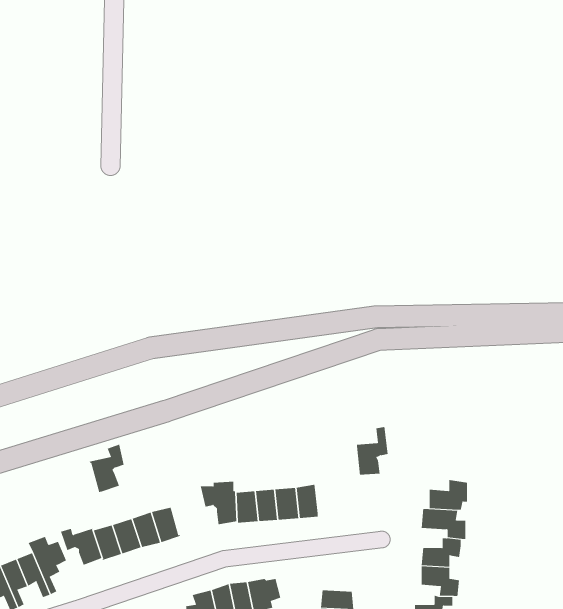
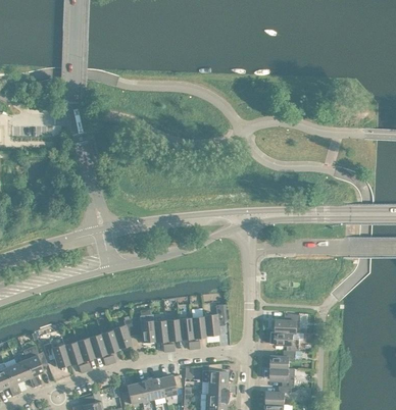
building: [356,427,389,475] -> [204,304,225,335]
building: [89,444,125,492] -> [112,317,135,348]
building: none -> [202,364,228,383]

